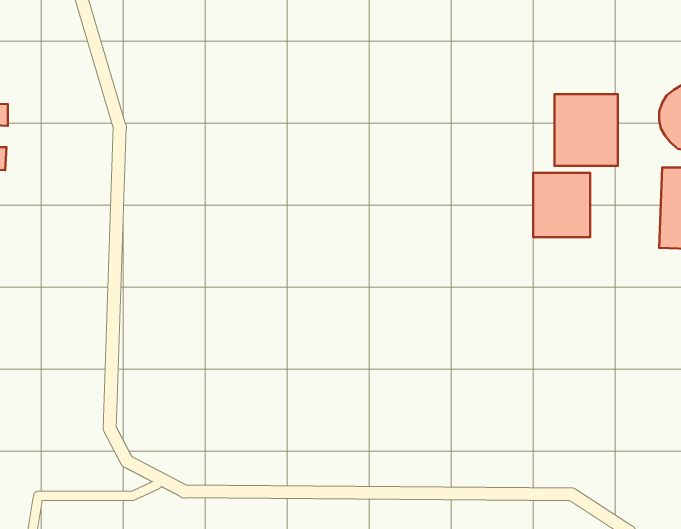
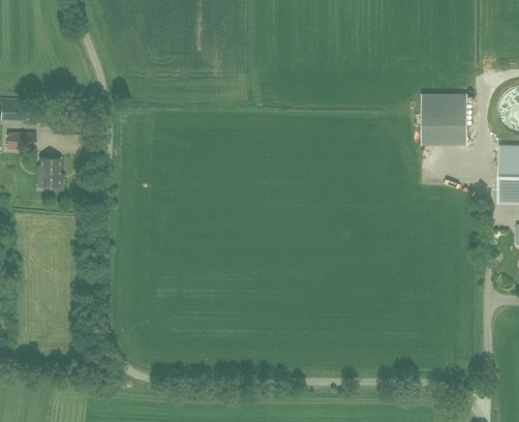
building: [533,173,590,237] -> none
building: none -> [37,158,63,189]

